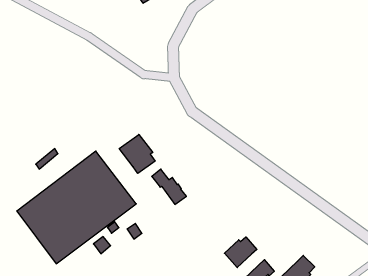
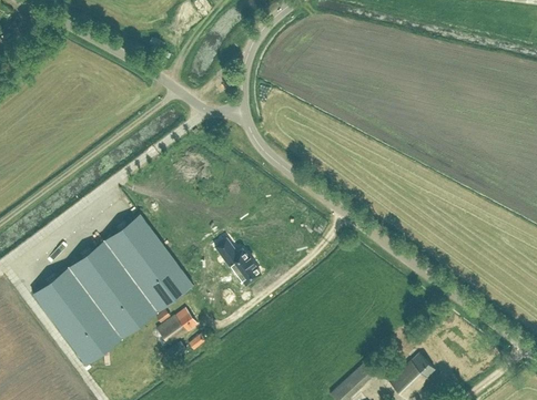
building: [119,134,155,173] -> none
building: [224,237,257,268] -> none

